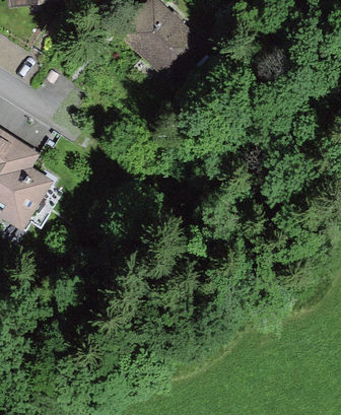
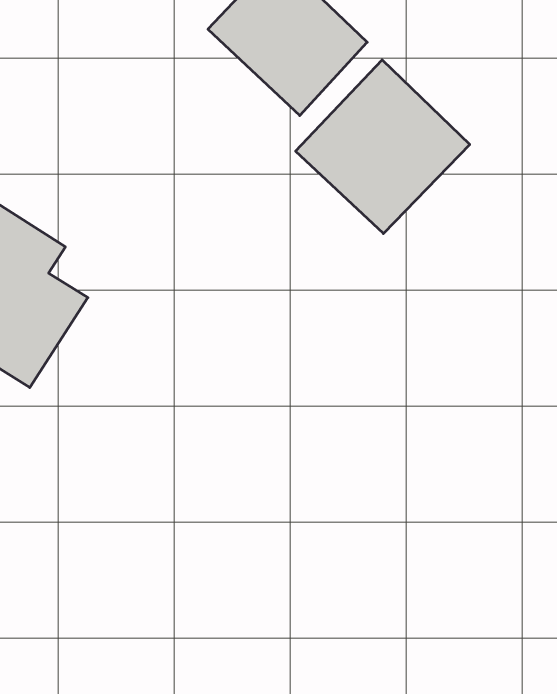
building: none -> [296,60,470,234]

